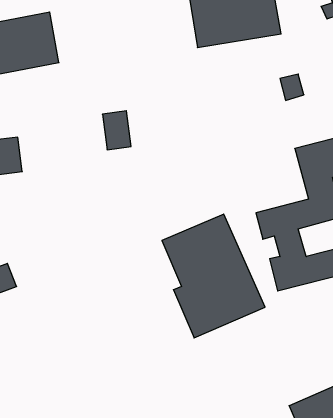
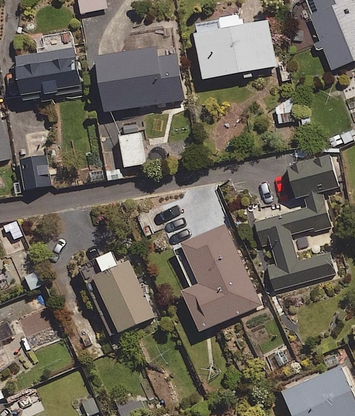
building: none -> [89,45,182,111]
building: none -> [93,252,153,331]

